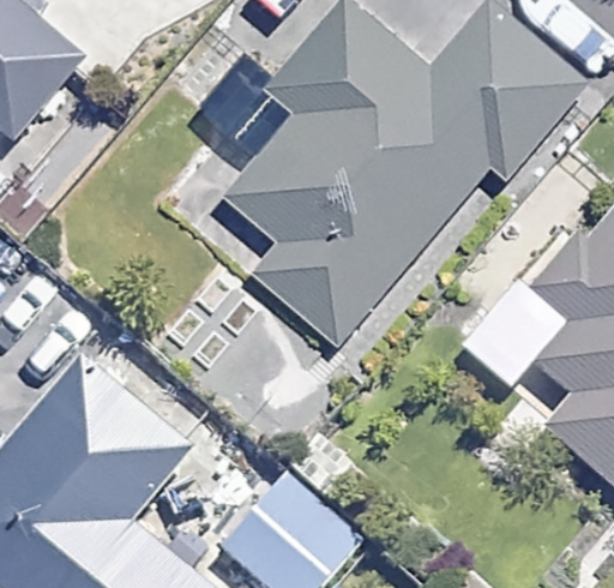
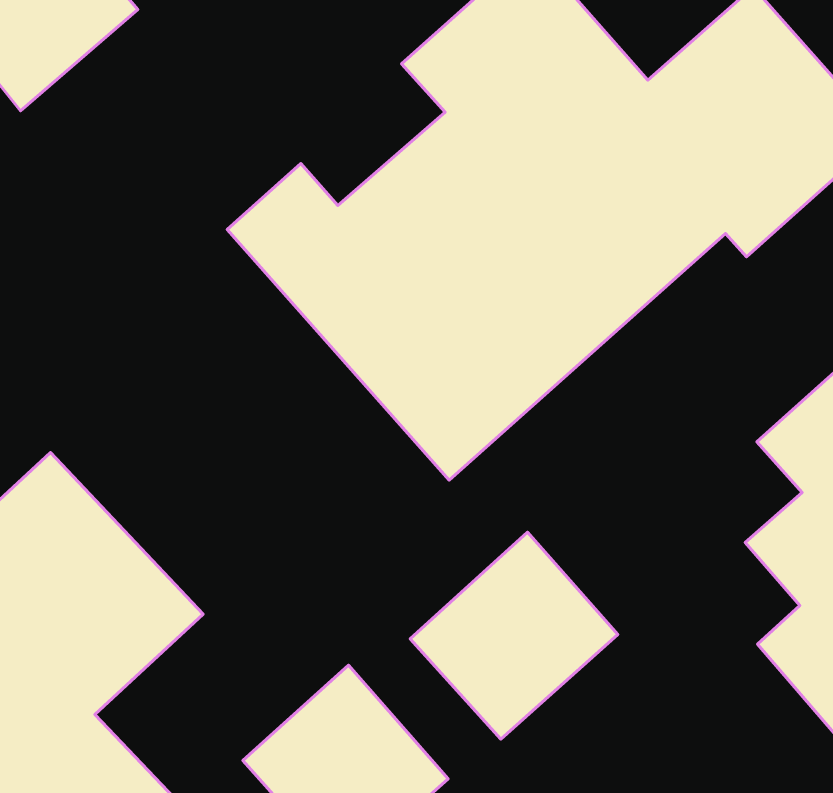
building: none -> [410,532,618,739]

